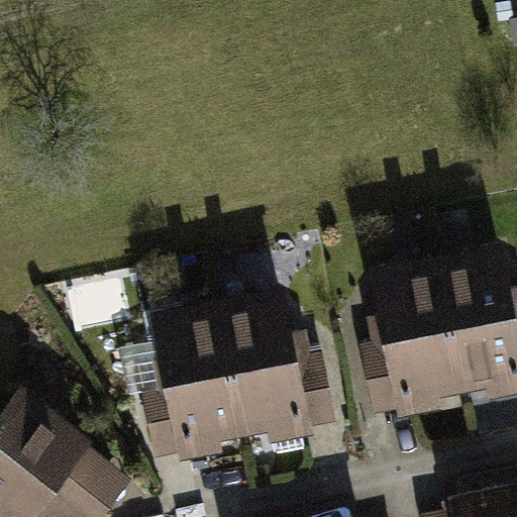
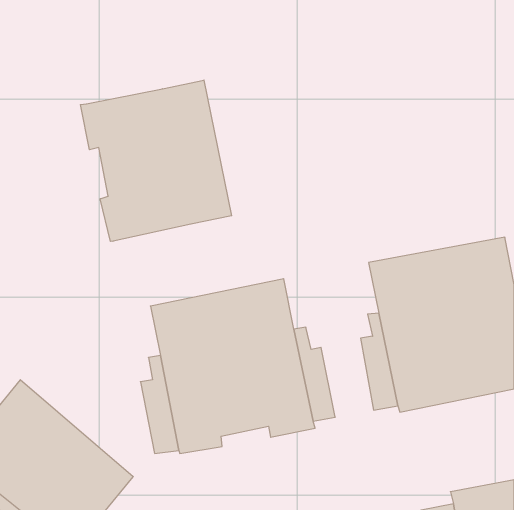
building: none -> [80,80,232,241]

